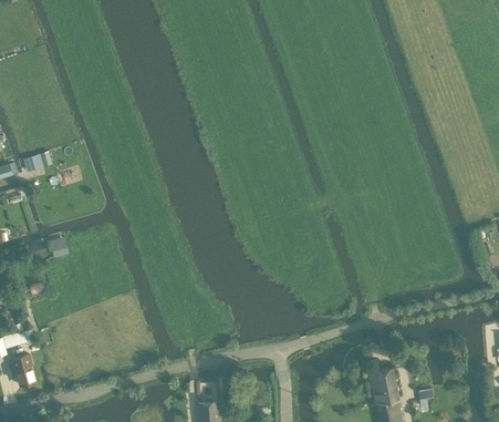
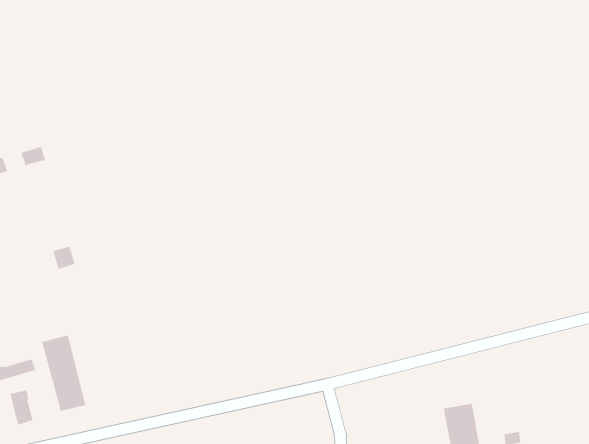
building: none -> [41,334,86,412]

